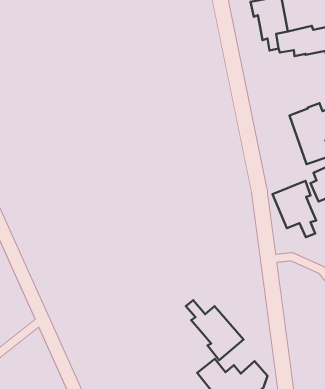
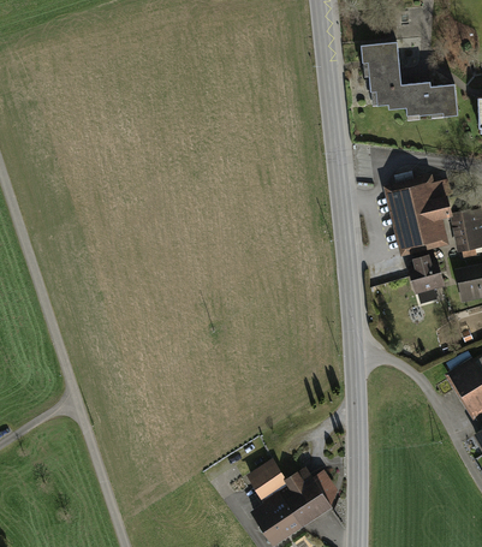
building: [273,181,316,237] -> none
building: [186,300,243,360] -> none

